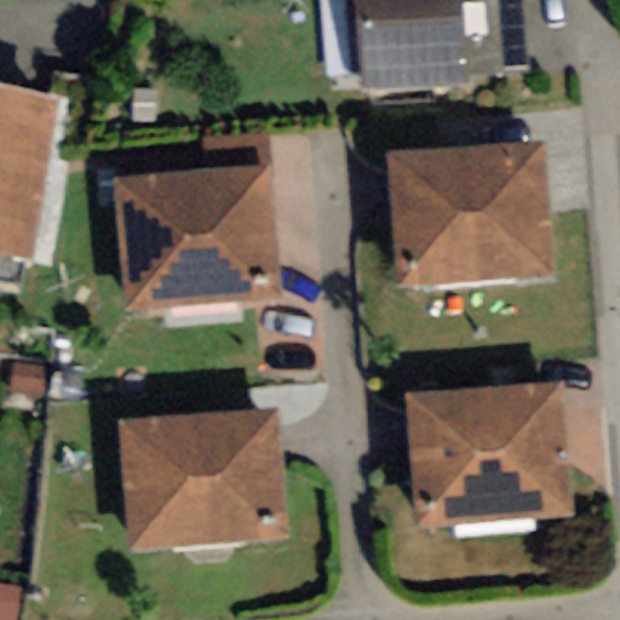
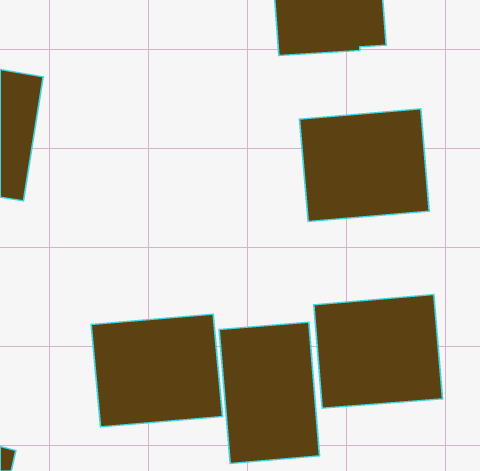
building: [113,163,280,310] -> none
building: none -> [219,322,320,463]

